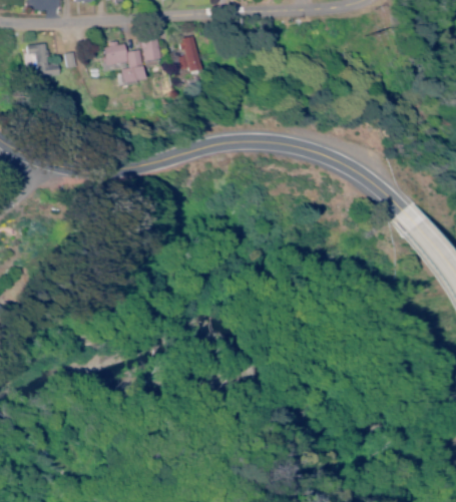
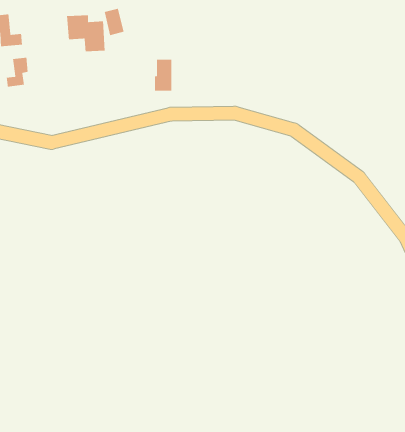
building: [180,37,198,70] -> [154,59,172,91]
building: none -> [6,57,29,87]

